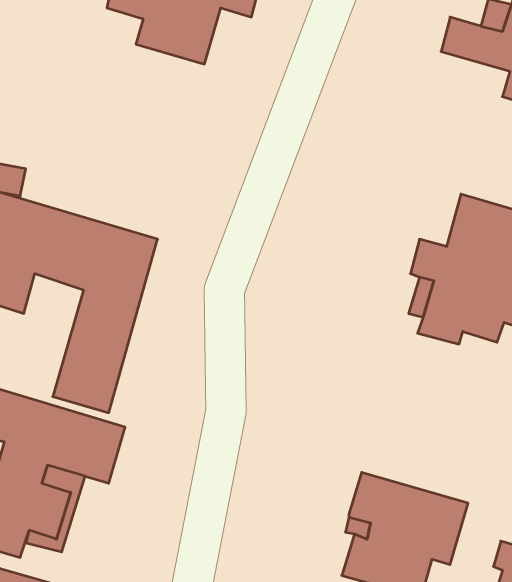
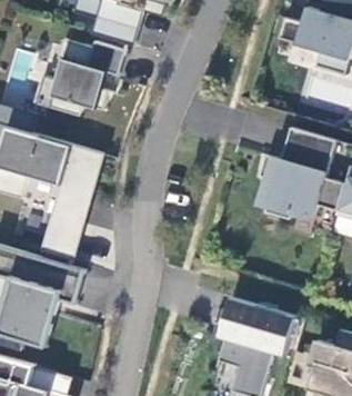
building: none -> [34,38,123,116]

